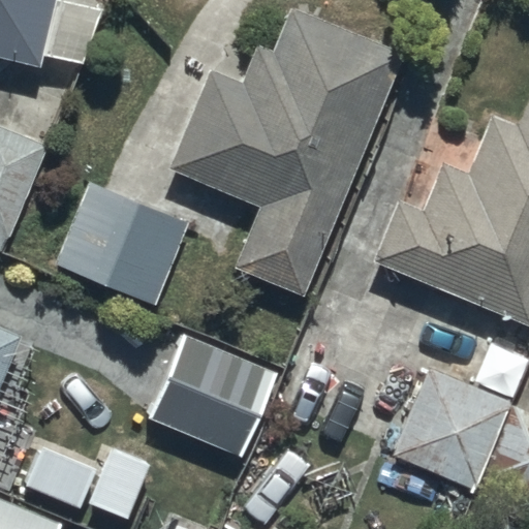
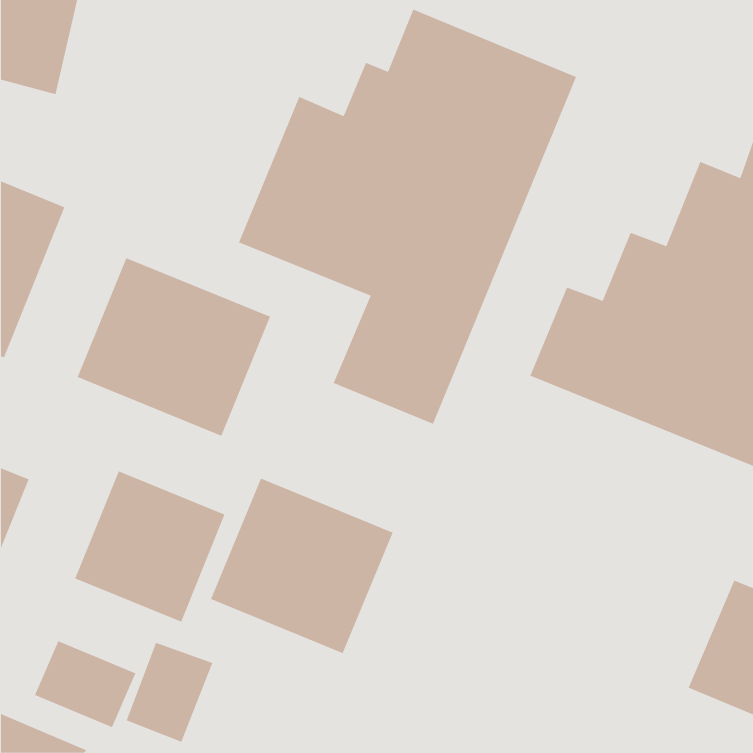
building: none -> [75,471,225,622]
building: [393,368,511,489] -> none

